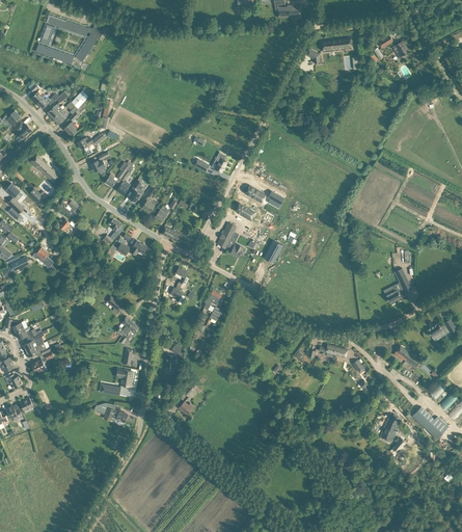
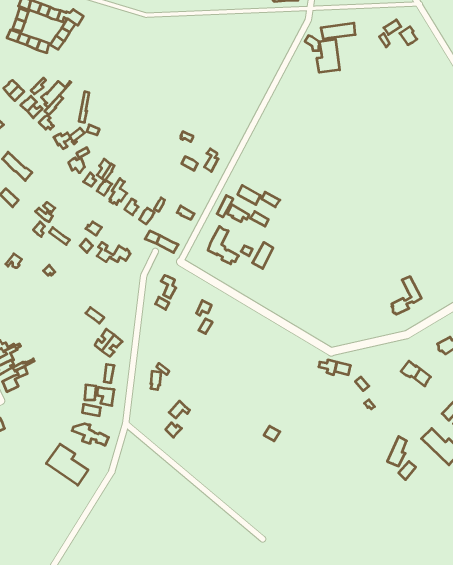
building: none -> [317,39,340,72]
building: none -> [46,444,88,485]

